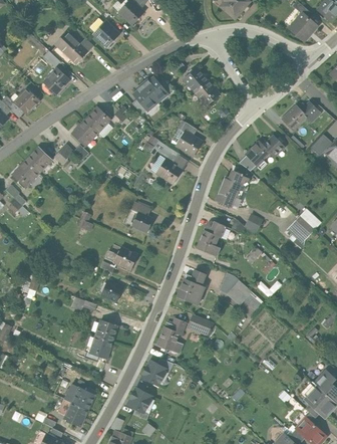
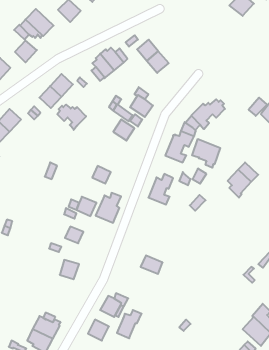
building: [282,102,317,131] -> none
building: none -> [57,105,86,130]
building: none -> [192,139,220,168]
building: [177,270,206,304] -> [96,193,121,223]
building: [220,273,262,309] -> none
building: [157,318,186,351] -> [117,310,142,338]
building: [84,335,111,362] -> none

